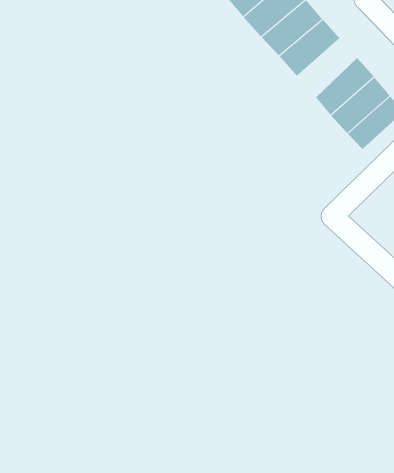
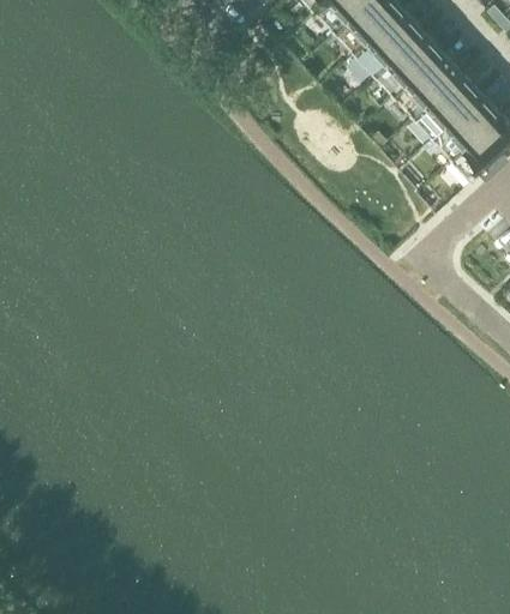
building: none -> [384,47,456,118]

